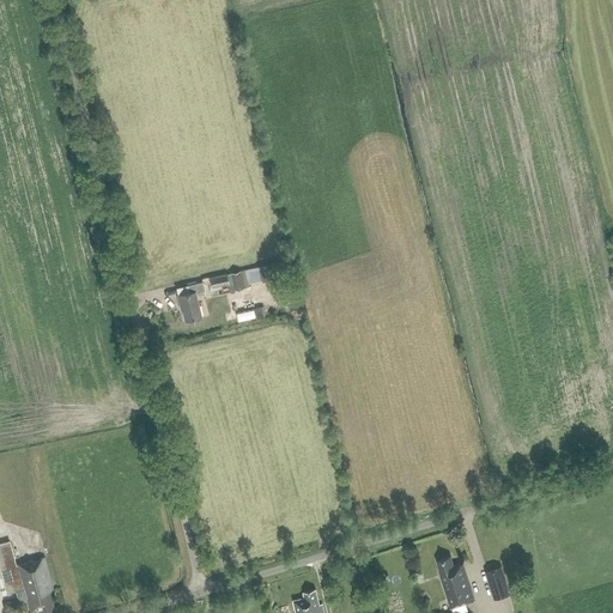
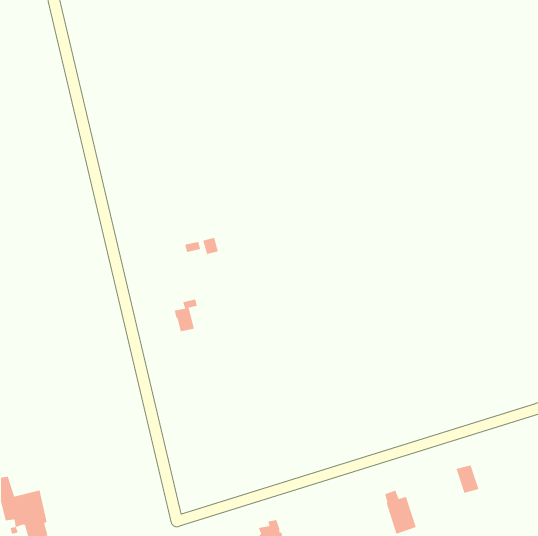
building: [177,284,205,322] -> [174,299,198,332]
building: [484,568,511,601] -> [455,464,480,494]

